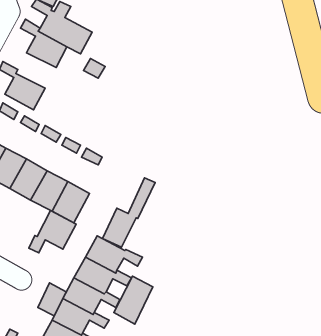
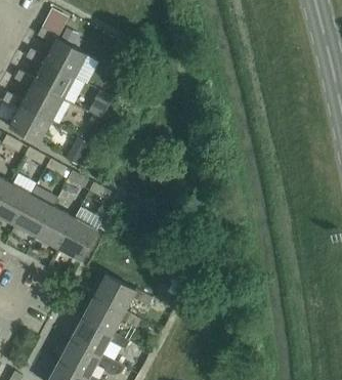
building: none -> [14,71,62,120]
building: [103,178,155,247] -> none
building: [29,211,76,253] -> none
building: [114,276,153,324] -> none
building: [38,283,66,316] -> none

